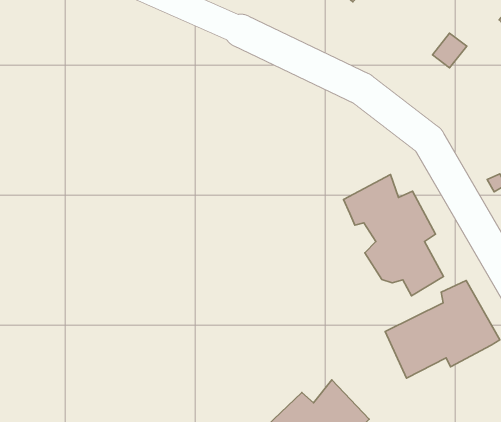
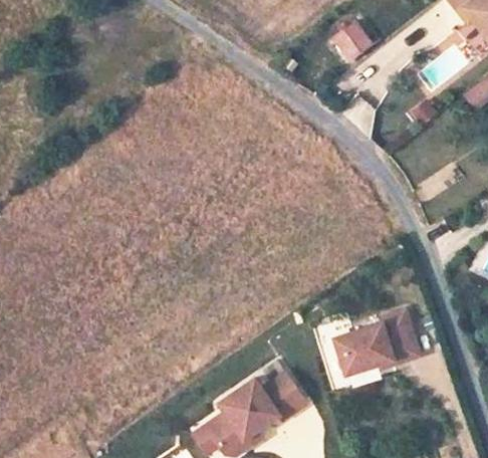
building: [343,175,444,296] -> none

